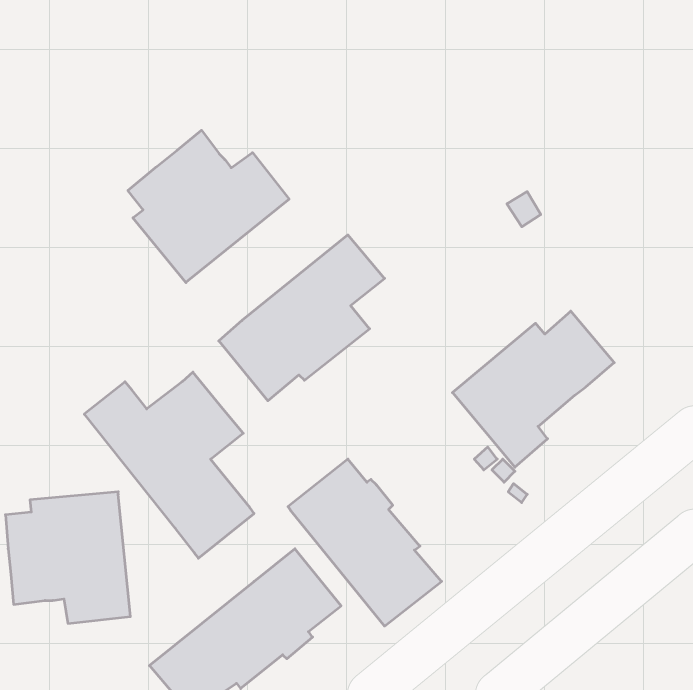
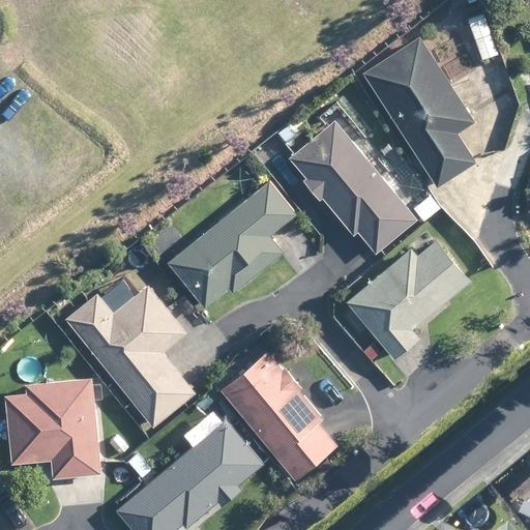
building: none -> [362,37,475,187]
building: [128,130,289,283] -> none
building: none -> [289,119,416,255]

